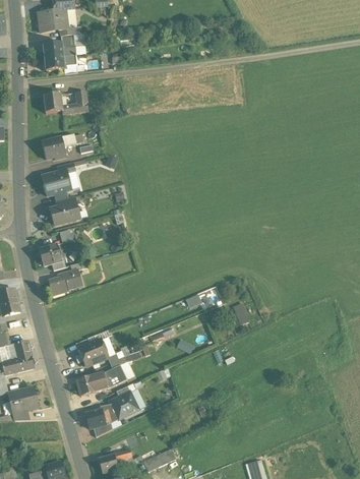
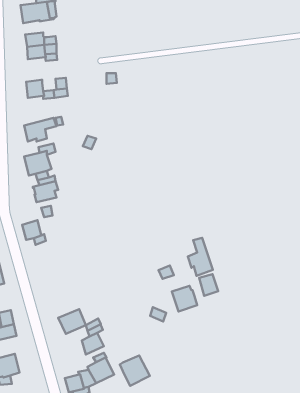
building: none -> [188,238,213,276]
building: [48,268,81,292] -> none
building: none -> [172,286,197,312]
building: [75,372,107,396] -> none
building: none -> [120,356,150,386]

